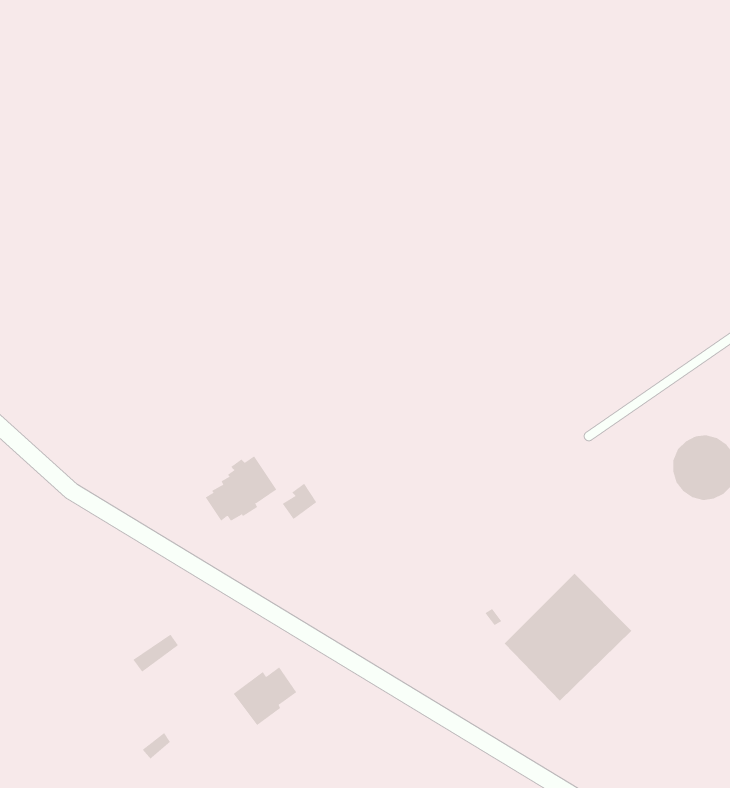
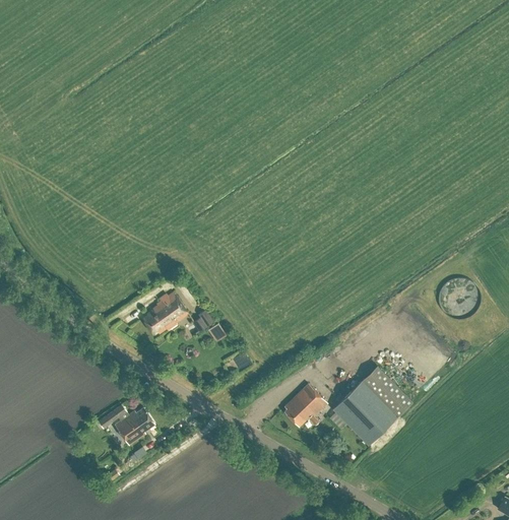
building: none -> [283,385,326,428]
building: [233,666,297,726] -> [115,407,155,445]

